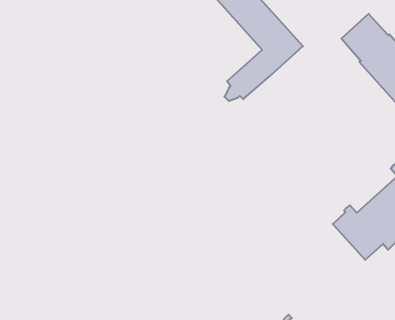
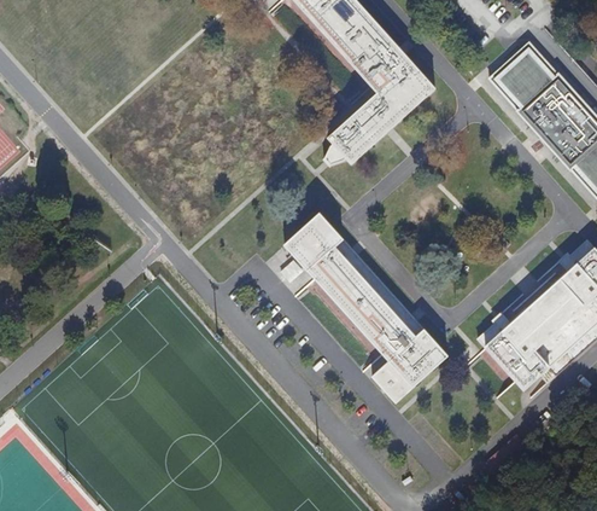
building: none -> [287,213,447,401]

